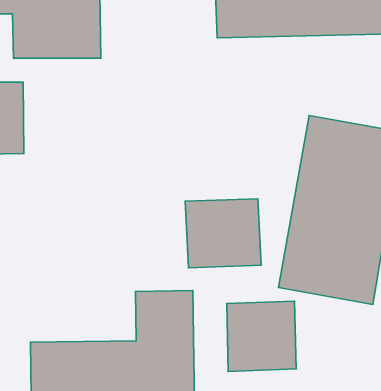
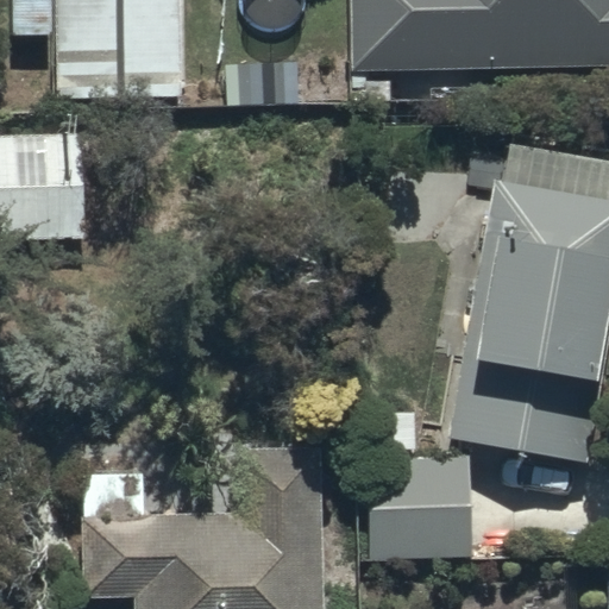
building: [185,199,261,268] -> none

